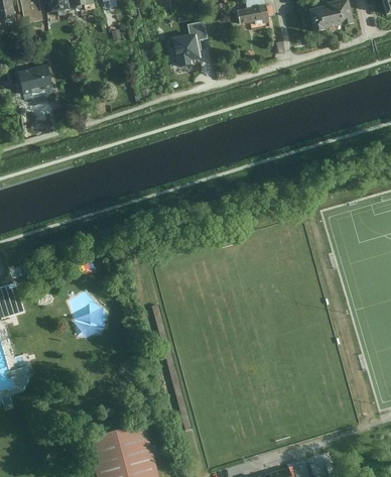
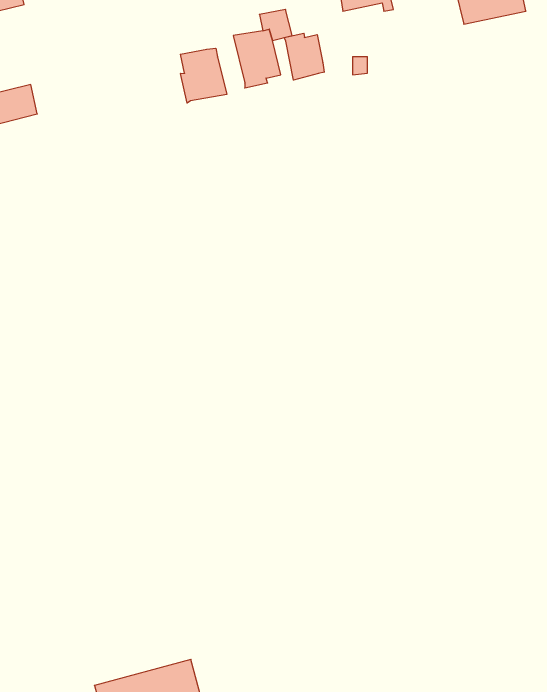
building: none -> [284,33,324,80]
building: none -> [180,48,227,103]

